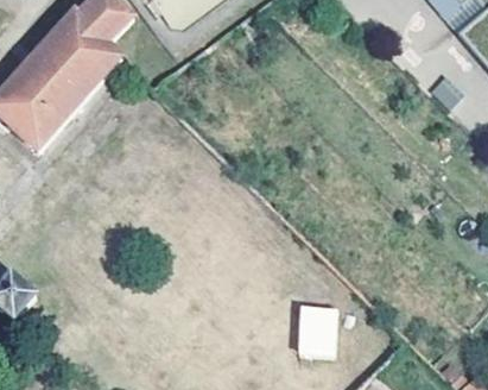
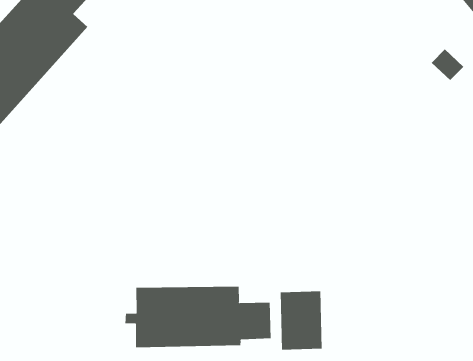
building: none -> [125,286,271,348]

